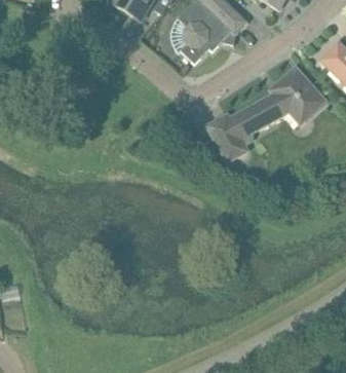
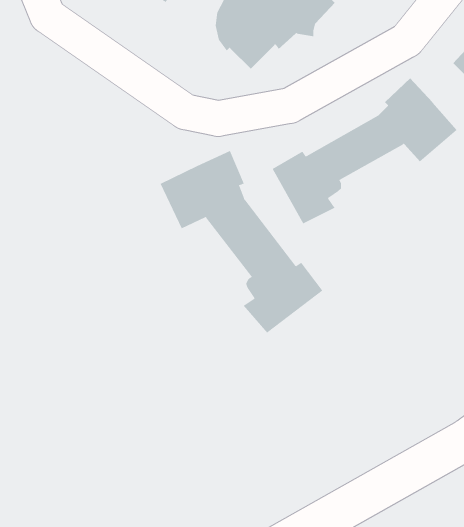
building: none -> [160,150,323,333]

